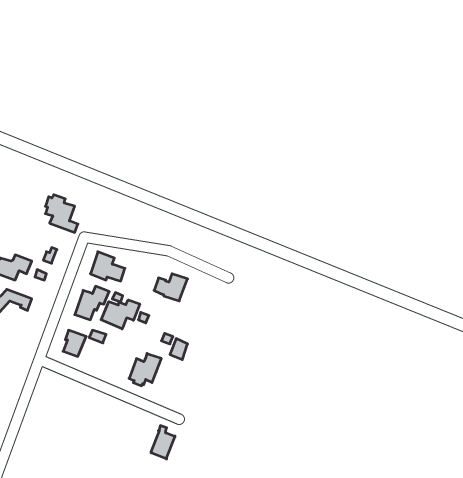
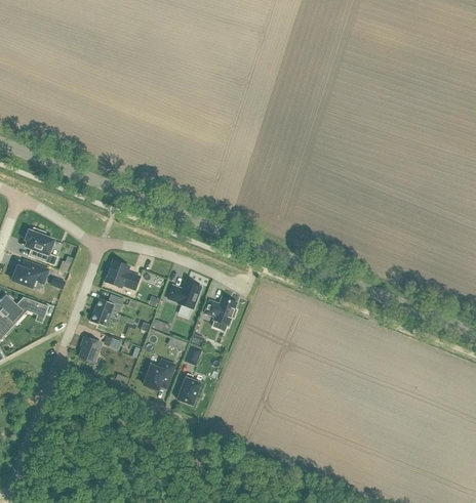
building: [45,195,78,232] -> [26,227,57,264]
building: none -> [204,296,237,325]
building: [101,300,140,329] -> none
building: [151,426,175,459] -> [177,372,201,405]

